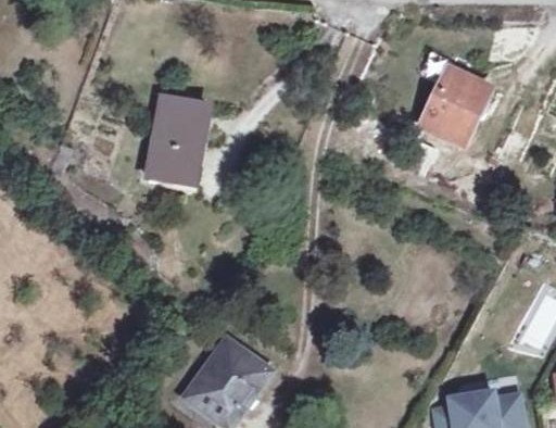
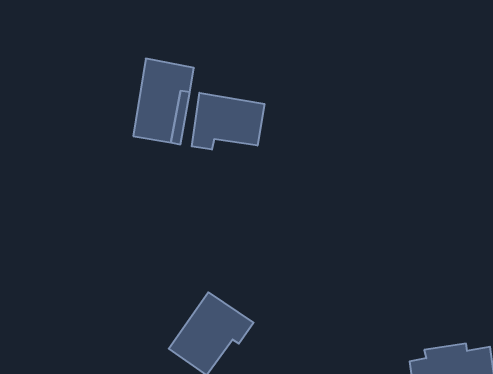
building: [421,71,486,142] -> none
building: none -> [192,93,264,150]

